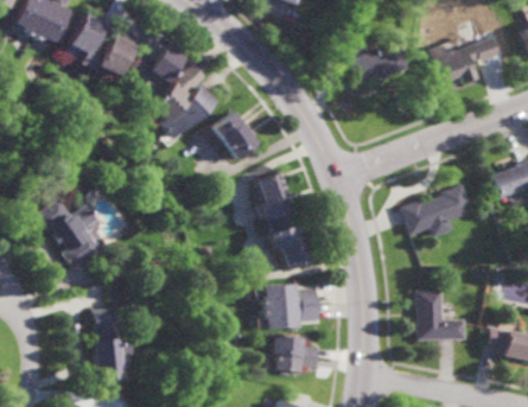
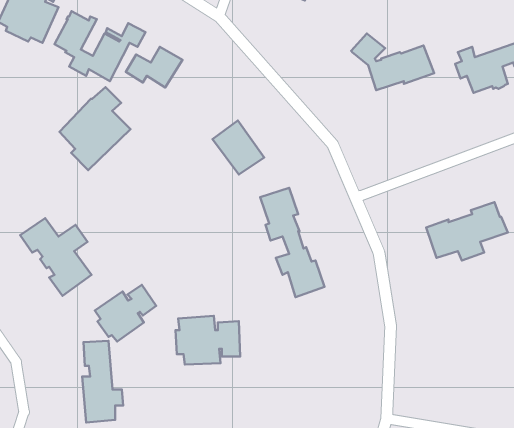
building: [151,63,215,138] -> [59,87,130,170]
building: none -> [95,285,156,341]
building: [262,284,320,327] -> [176,316,240,365]
building: [421,291,467,339] -> none
building: [274,333,322,371] -> none

